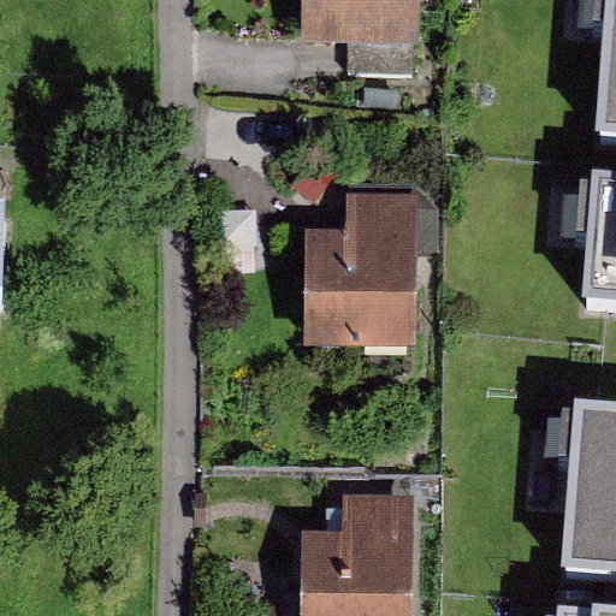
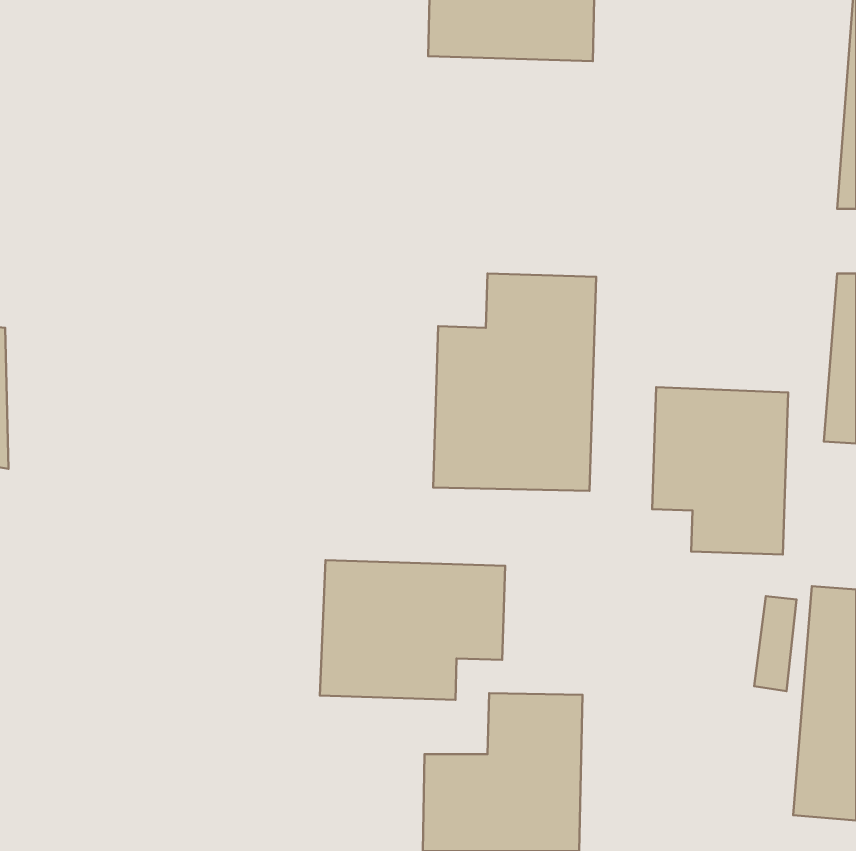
building: none -> [652,387,788,554]
building: none -> [320,560,505,700]

